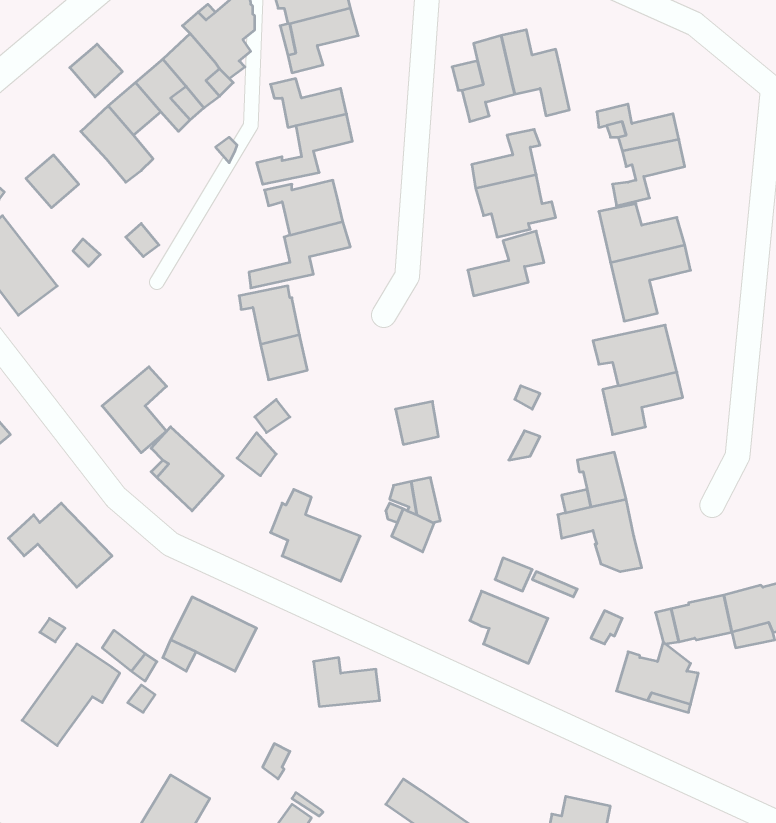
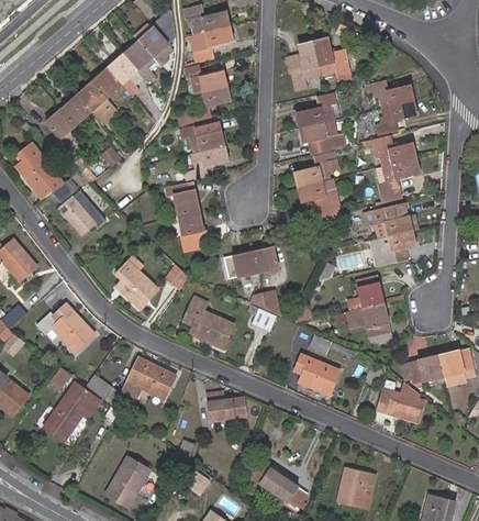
building: [70,44,122,97] -> [62,96,91,125]
building: none -> [298,179,341,221]
building: [102,367,167,453] -> [59,186,96,234]
building: none -> [218,252,258,280]

